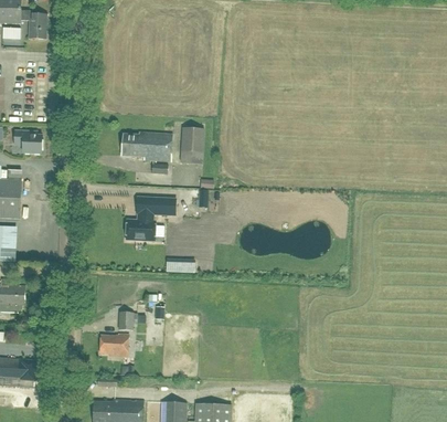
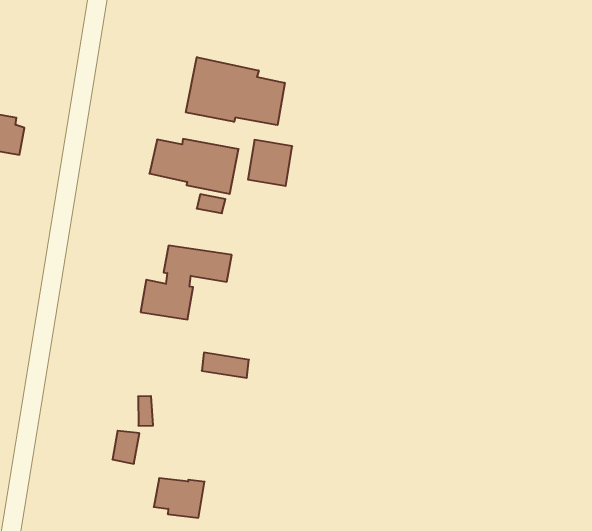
building: none -> [186,57,285,125]
building: [99,334,128,356] -> [154,478,205,518]

